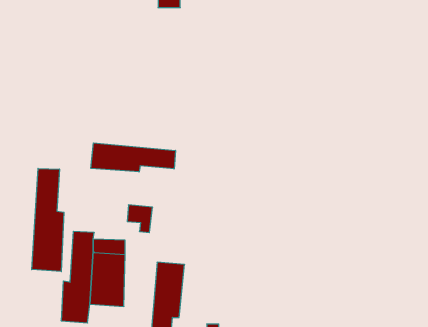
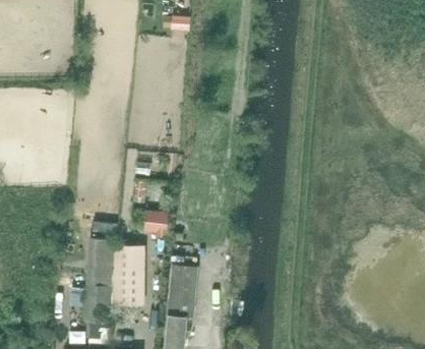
building: [91,143,175,172] -> none
building: [32,168,64,272] -> none

